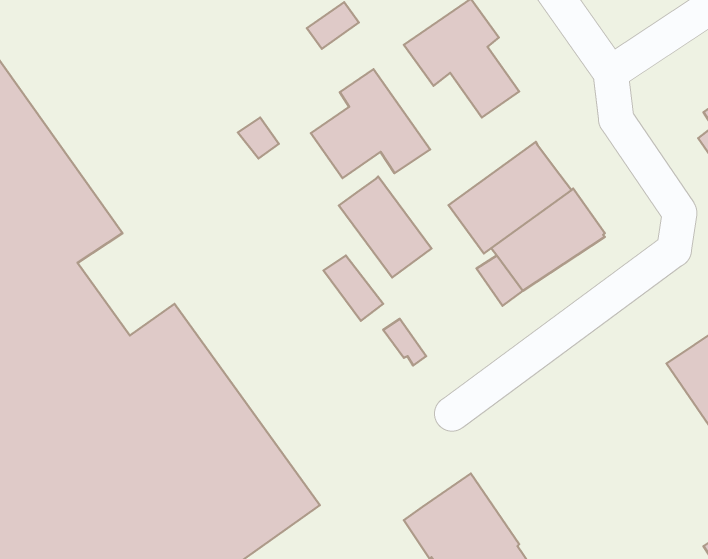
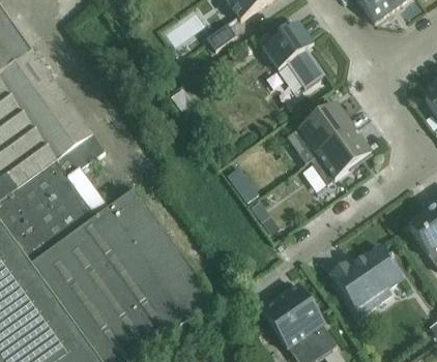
building: [311,69,430,178] -> none
building: [339,176,432,277] -> none
building: none -> [328,243,405,316]

